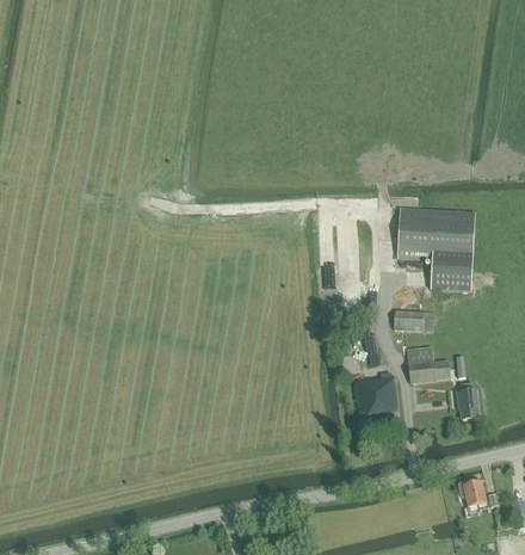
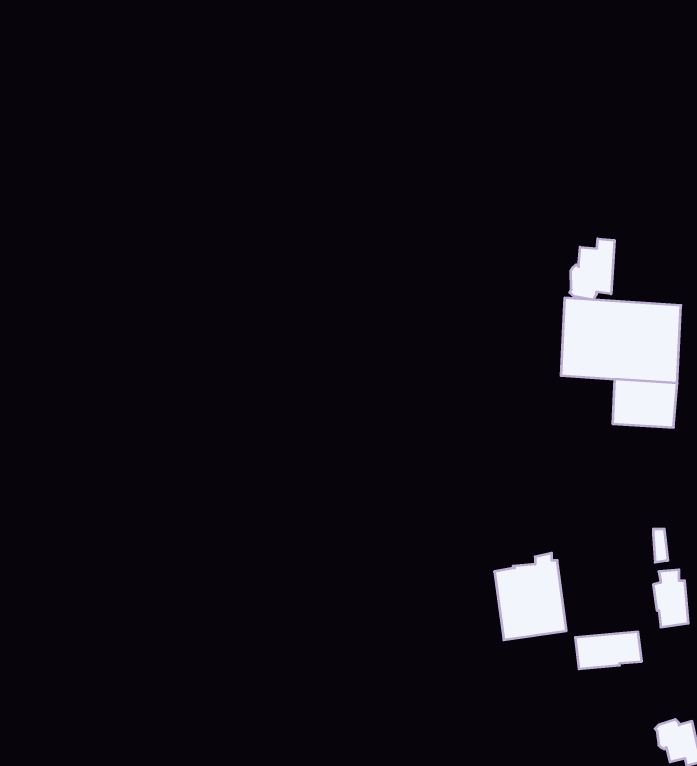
building: none -> [570,239,614,300]
building: [393,309,433,329] -> none
building: [407,359,450,383] -> [575,632,642,669]

